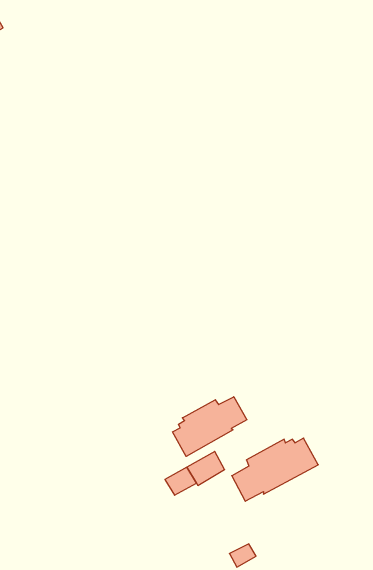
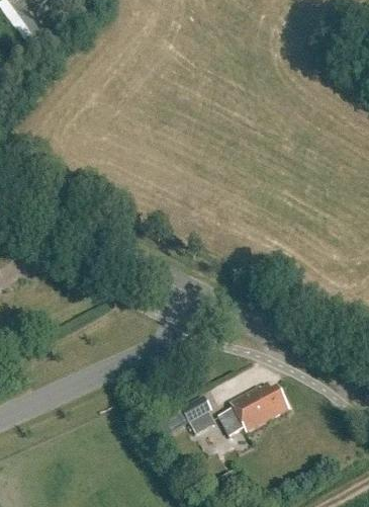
building: [173,397,247,456] -> none

